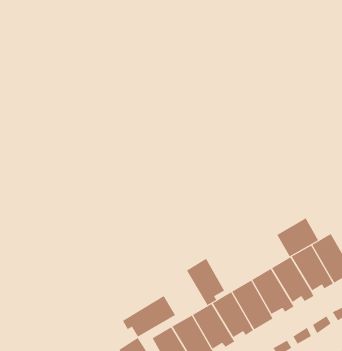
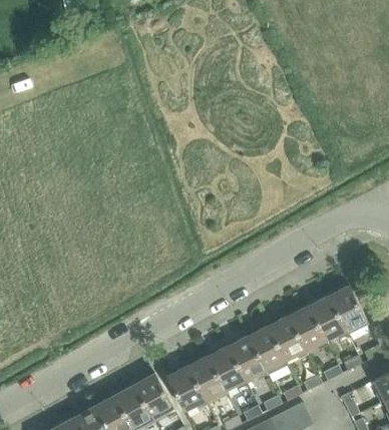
building: [277,218,319,257] -> none
building: [186,258,225,306] -> none
building: [122,295,176,338] -> none

